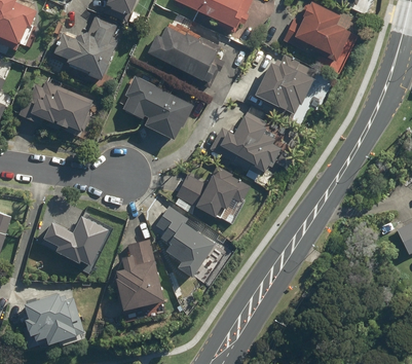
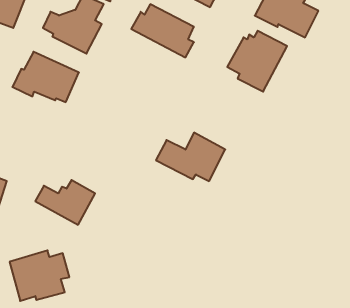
building: [118,75,192,141] -> none
building: [209,111,280,172] -> none
building: [156,206,214,278] -> none
building: [113,238,164,310] -> none

